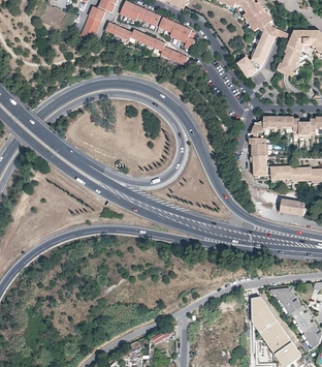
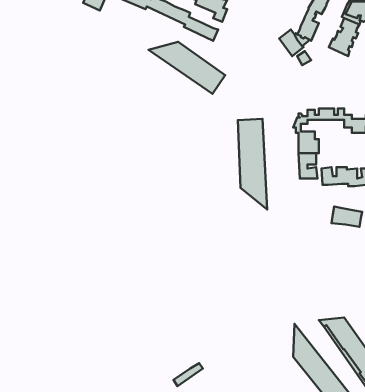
building: none -> [149,42,225,94]
building: none -> [238,119,267,210]

